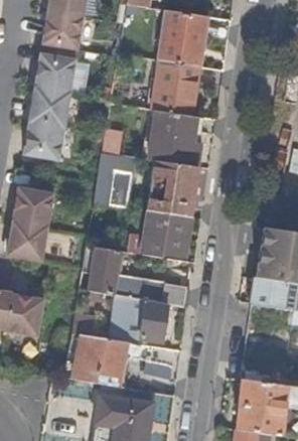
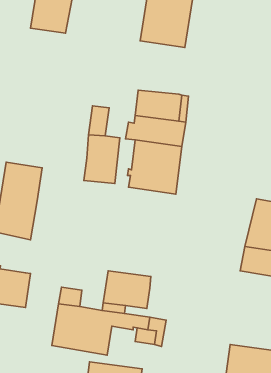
building: [20,55,74,165] -> none
building: [147,61,200,117] -> none
building: [137,213,191,264] -> none
building: [85,251,185,308] -> none

